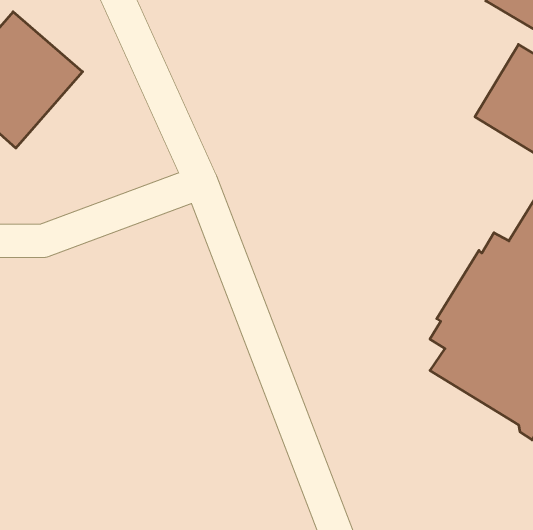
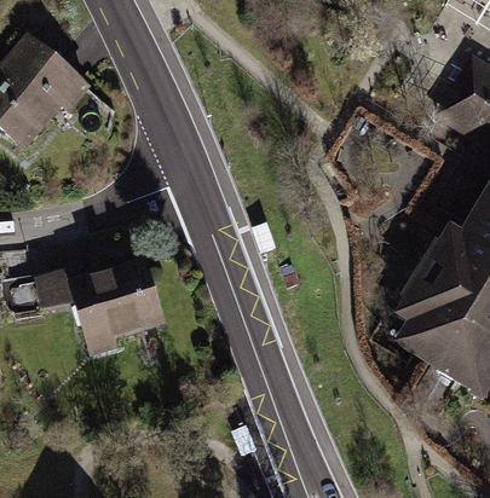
building: none -> [33,261,166,364]

